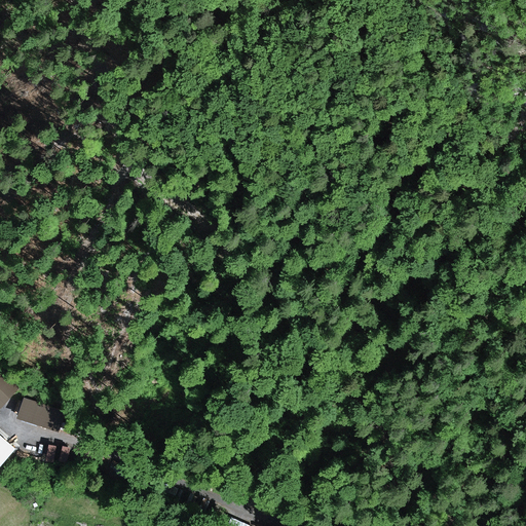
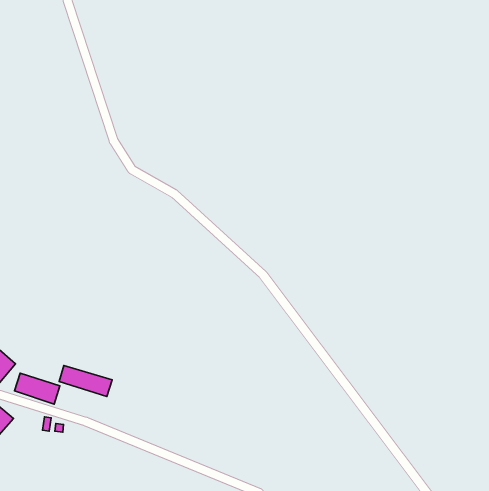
building: none -> [59,365,112,397]

